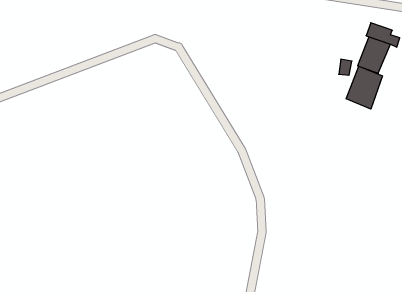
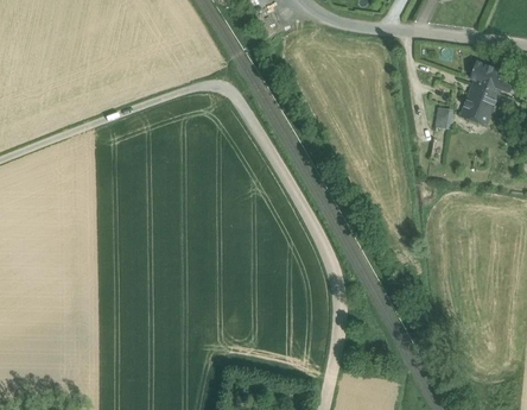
building: [346,66,382,109] -> none

